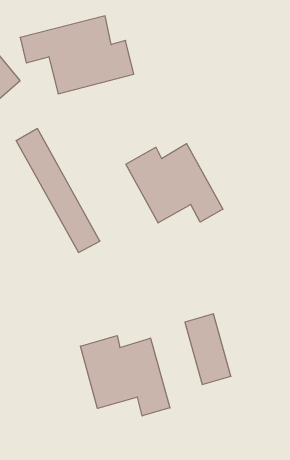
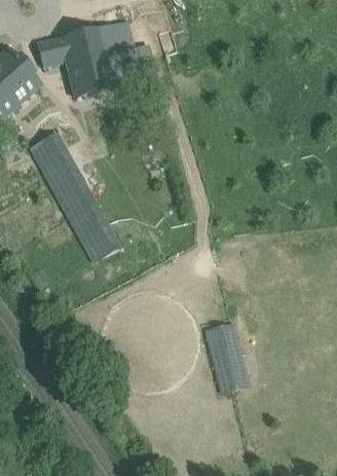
building: [126,144,223,223] -> none
building: [80,336,170,416] -> none

